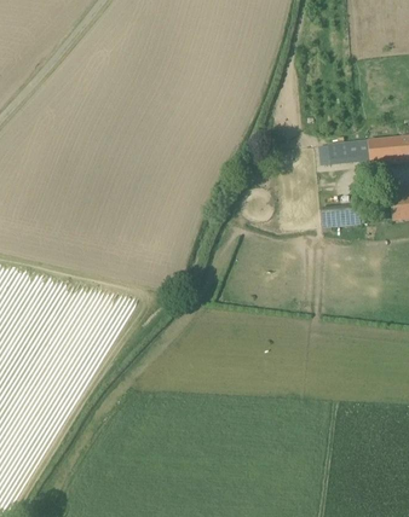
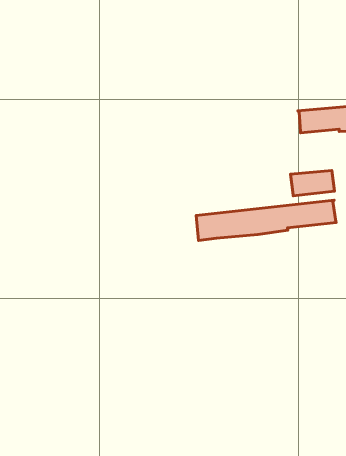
building: none -> [196,200,336,240]

